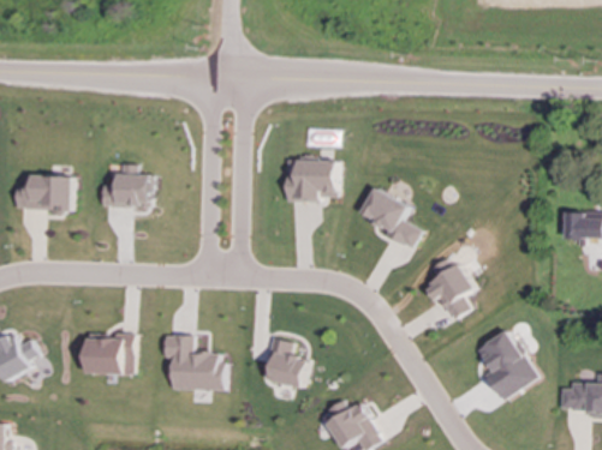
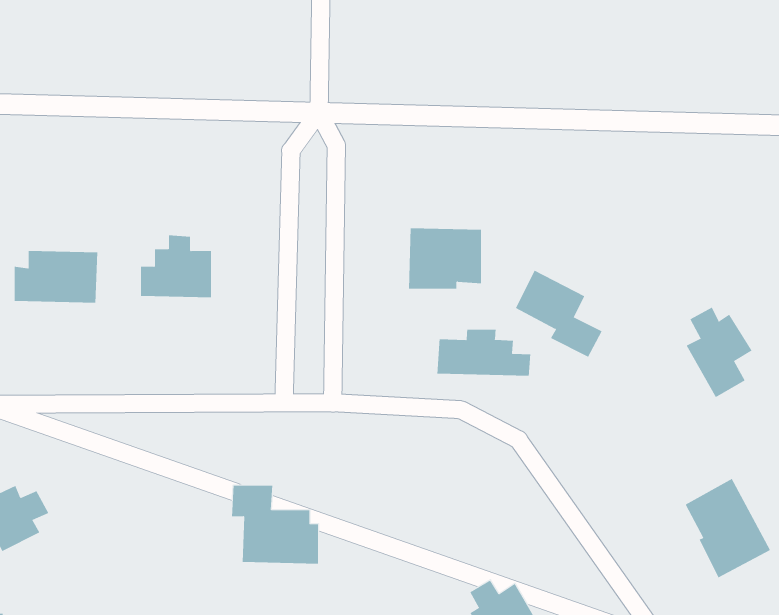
building: none -> [437,329,531,376]
building: [428,258,473,320] -> [686,307,752,398]
building: [88,332,135,373] -> none
building: [264,337,308,386] -> none

